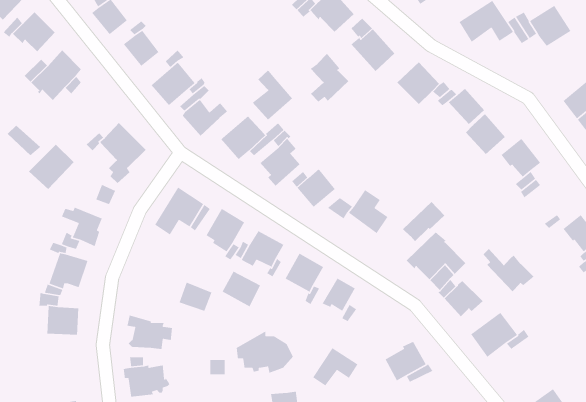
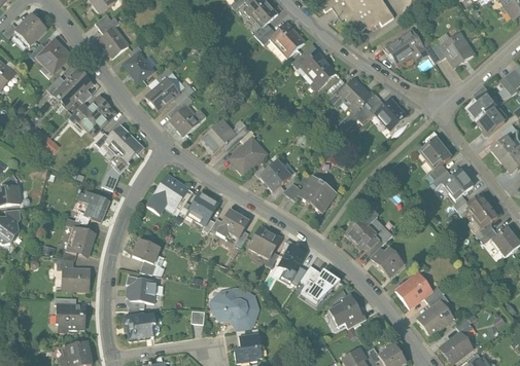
building: [310,53,349,103] -> none
building: [252,70,293,121] -> none
building: [465,113,506,155] -> none
building: [28,144,74,190] -> [76,99,112,135]
building: none -> [443,169,472,198]
building: [402,201,445,242] -> none
building: [482,248,535,292] -> none
building: [222,271,261,308] -> none
building: [178,282,213,312] -> [132,240,159,263]
building: [312,347,358,387] -> [301,265,337,296]
building: none -> [416,301,452,336]
building: none -> [57,304,85,330]

